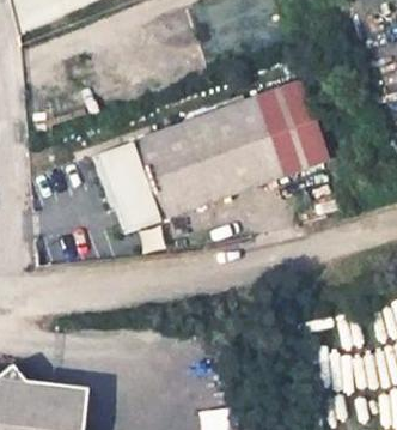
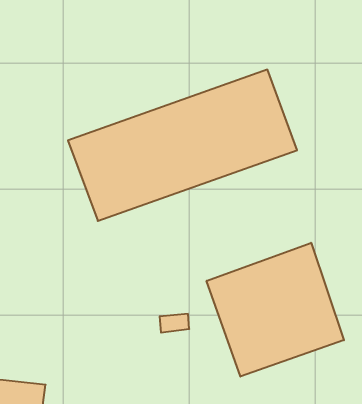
building: none -> [207,243,344,377]

